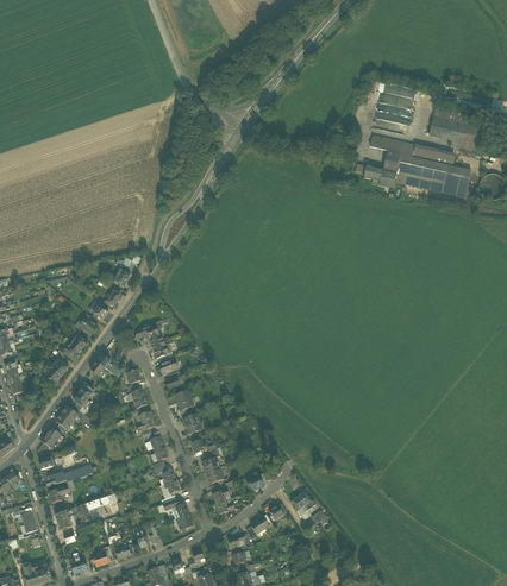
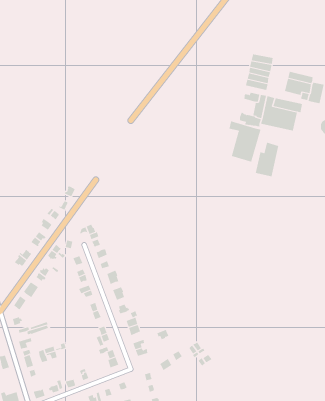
building: [440,164,470,196] -> none
building: none -> [229,121,261,163]
building: none -> [255,142,279,177]

